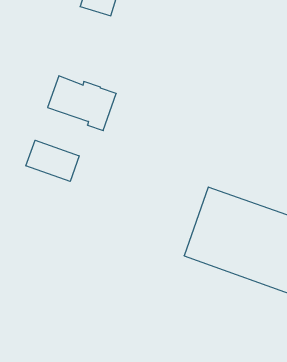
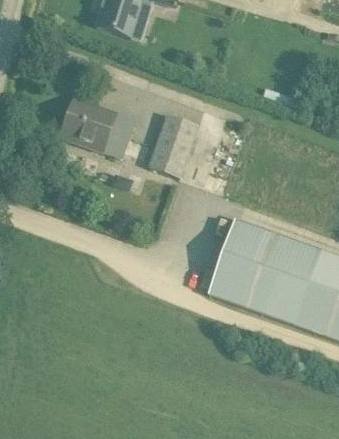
building: none -> [148,114,196,178]
building: [26,140,79,181] -> none

